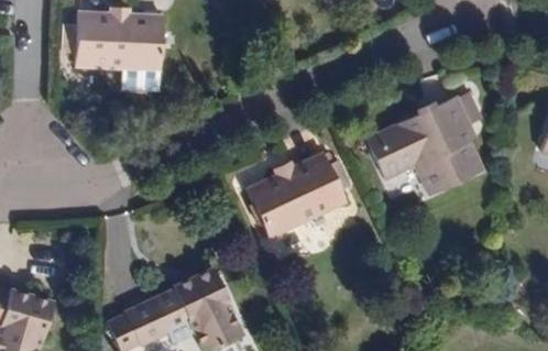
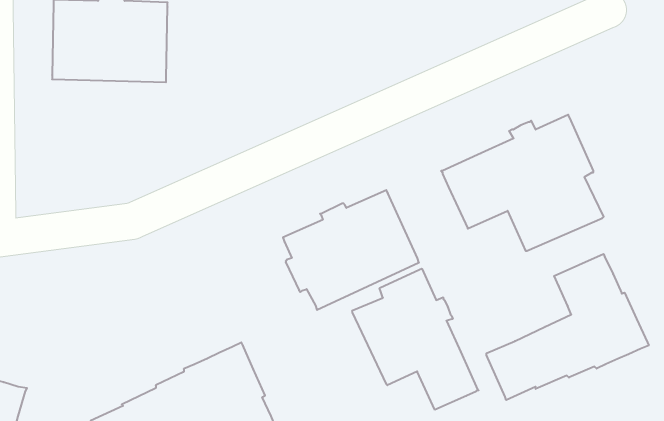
building: none -> [486,254,649,400]
building: none -> [352,269,479,410]

